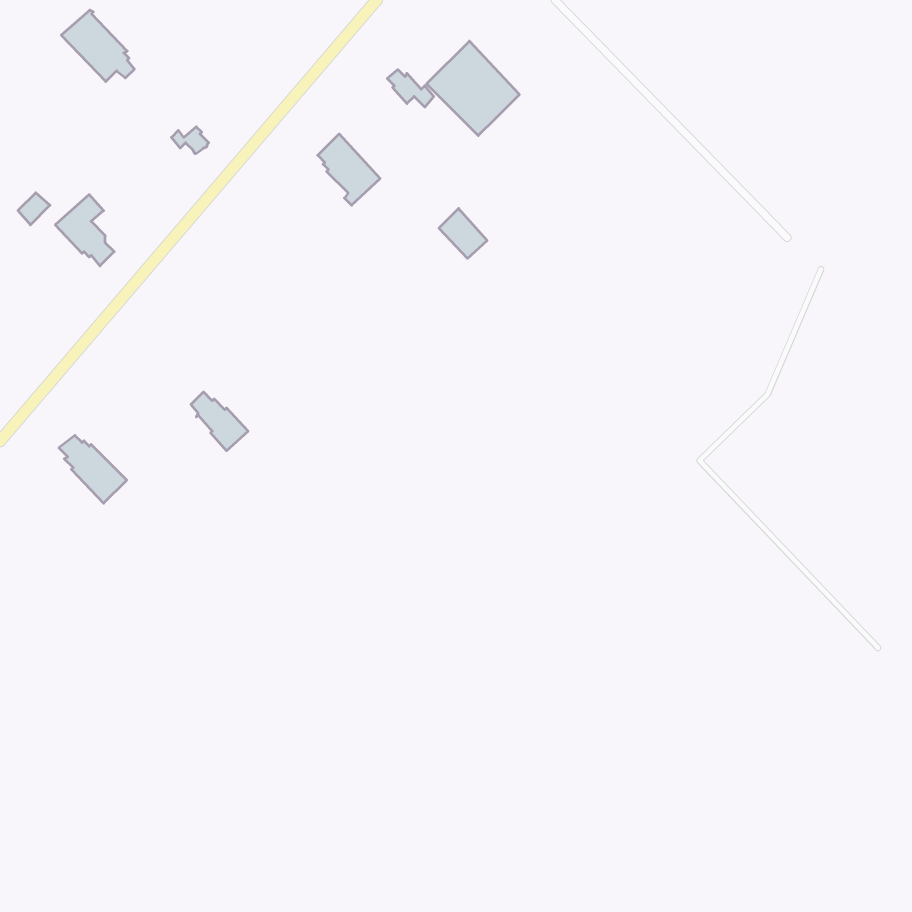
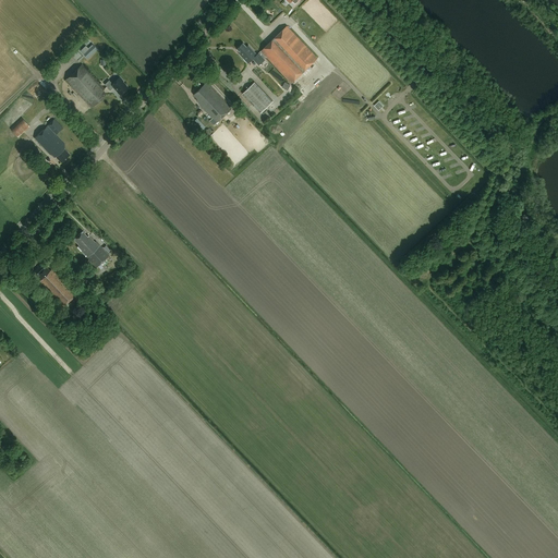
building: [61,10,134,82] -> [64,64,109,108]
building: [439,208,487,258] -> [243,82,272,112]
building: [191,392,248,451] -> [74,231,109,267]

